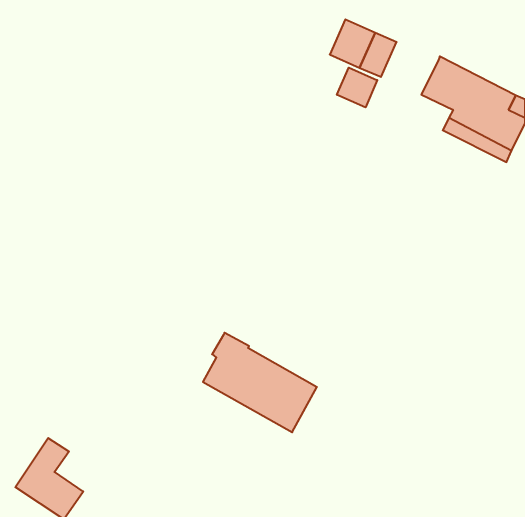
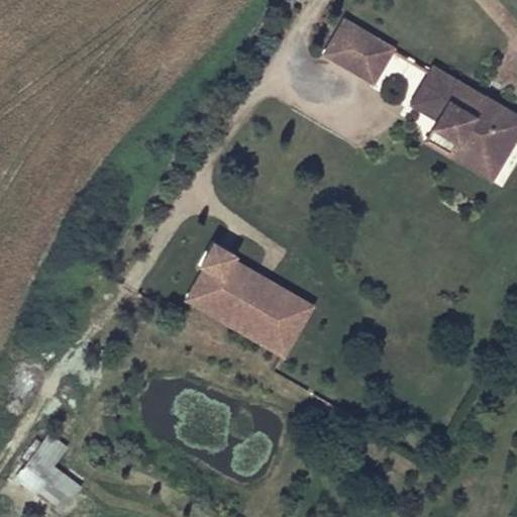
building: [337,68,377,107] -> none
building: [203,333,317,432] -> [194,252,306,350]

